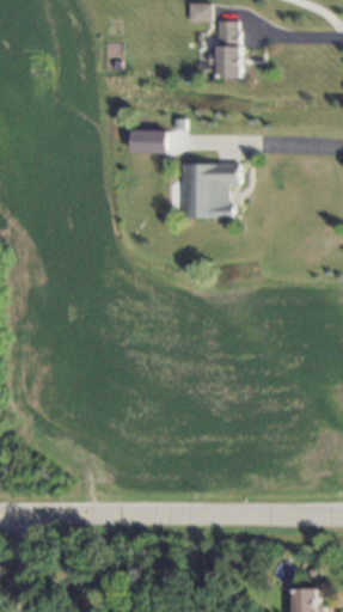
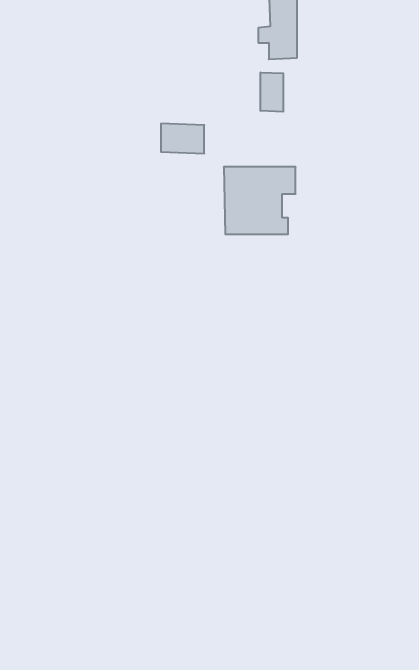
building: none -> [261,72,283,112]

